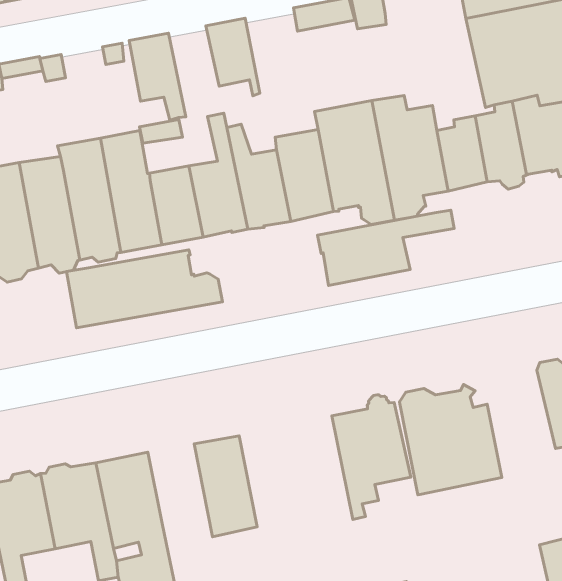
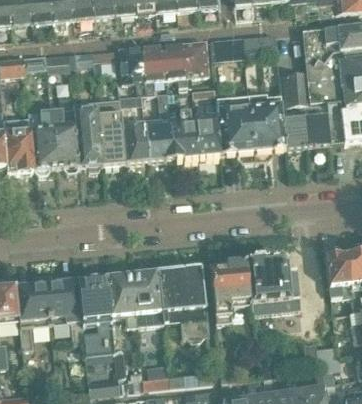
building: none -> [184,40,209,84]
building: none -> [141,44,166,93]
building: none -> [283,71,310,105]
building: [318,210,454,285] -> none
building: [67,250,222,328] -> none
building: none -> [159,261,209,342]
building: none -> [107,273,138,326]

